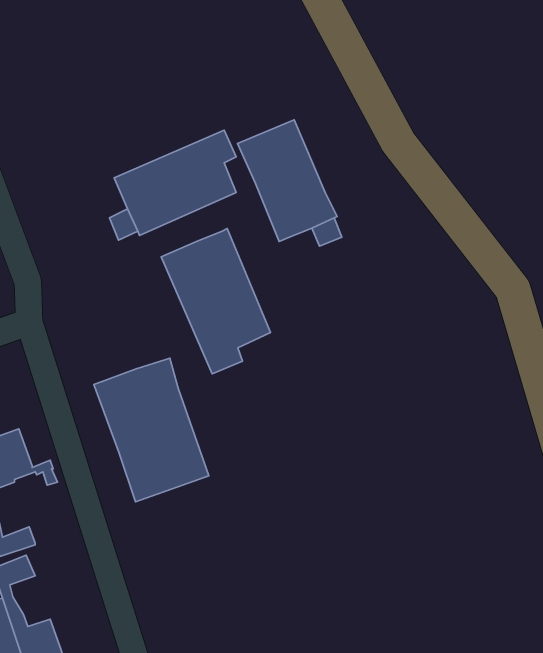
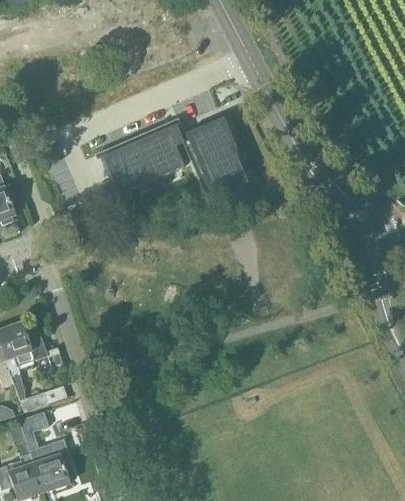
building: [161,229,271,374] -> none
building: [94,358,209,502] -> none

